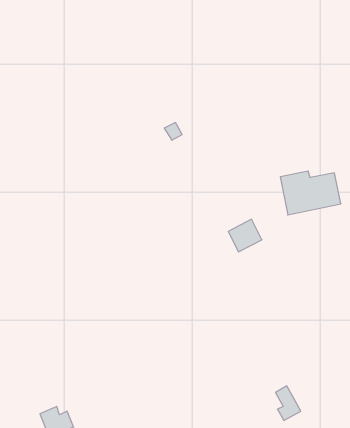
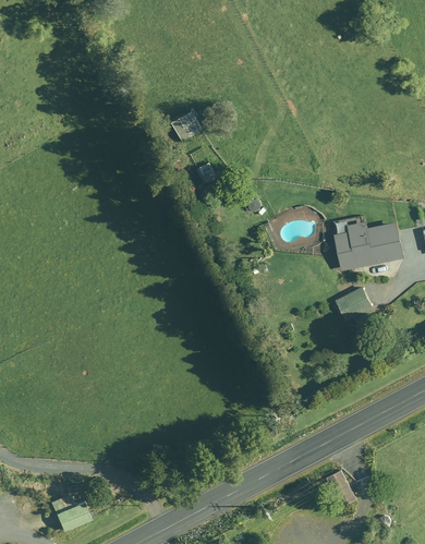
building: none -> [178,112,203,142]
building: [228,219,262,252] -> [335,286,374,324]

